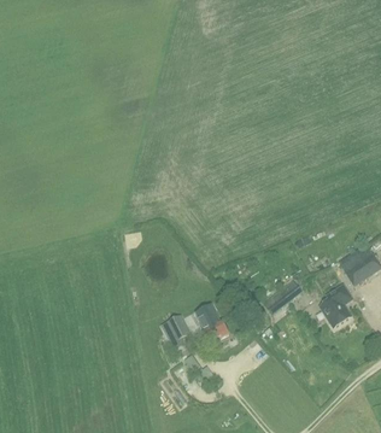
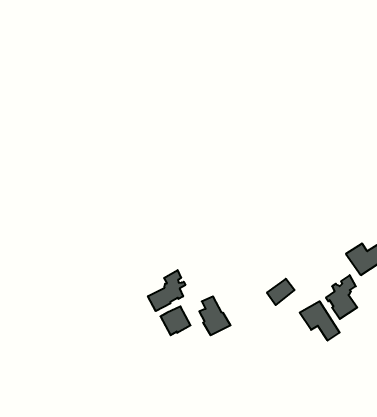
building: none -> [148,270,185,311]
building: none -> [300,301,340,341]

